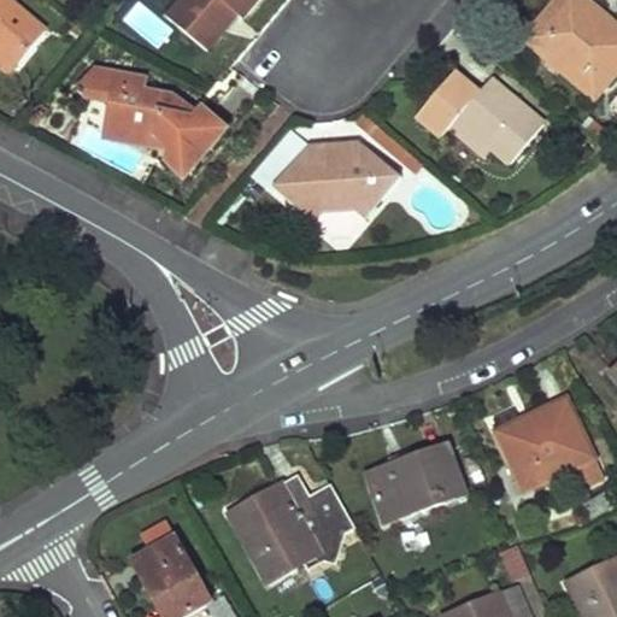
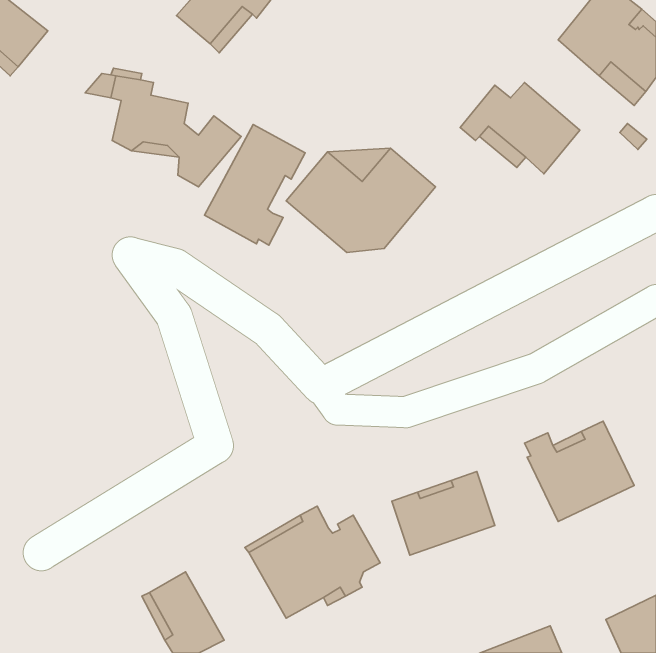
building: none -> [204,125,305,245]

